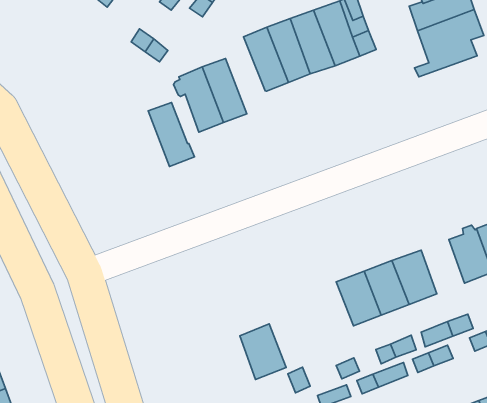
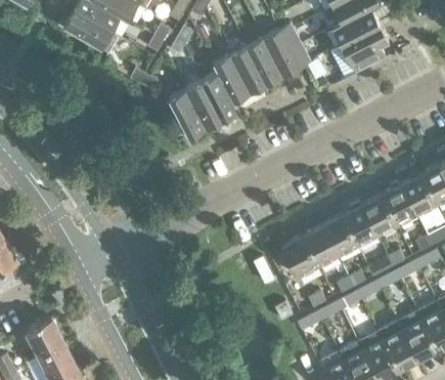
building: [148,103,194,166] -> [199,74,237,121]
building: none -> [359,196,394,237]
building: [240,324,286,379] -> [279,237,316,279]

